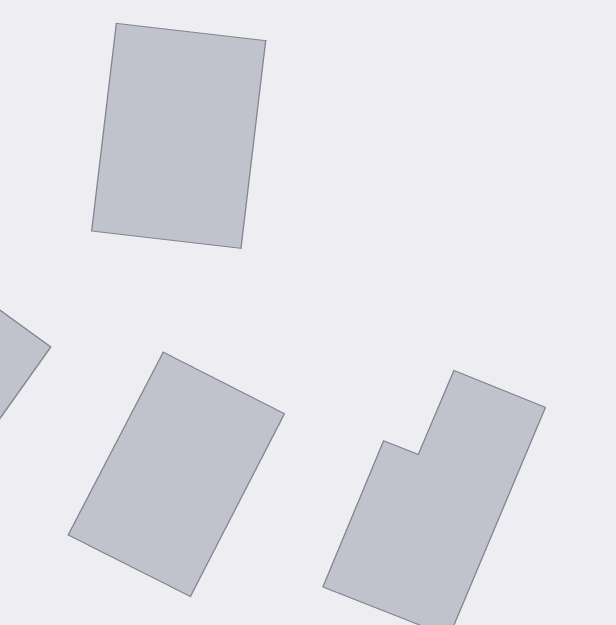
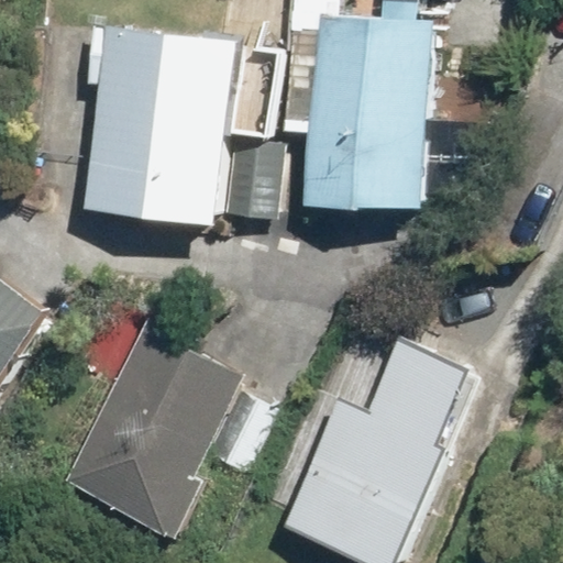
building: none -> [308,15,431,210]

